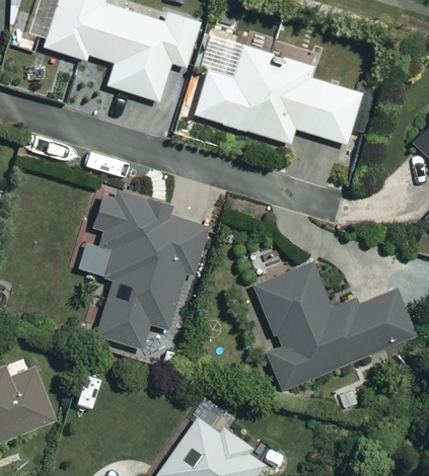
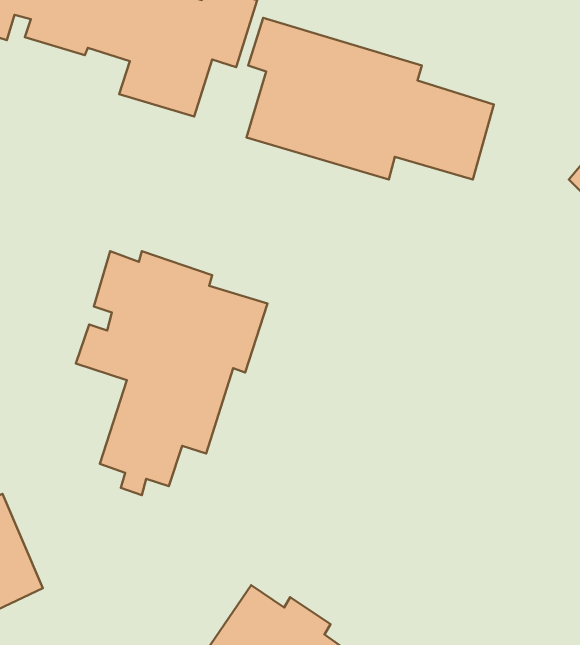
building: [254,262,415,389] -> none

